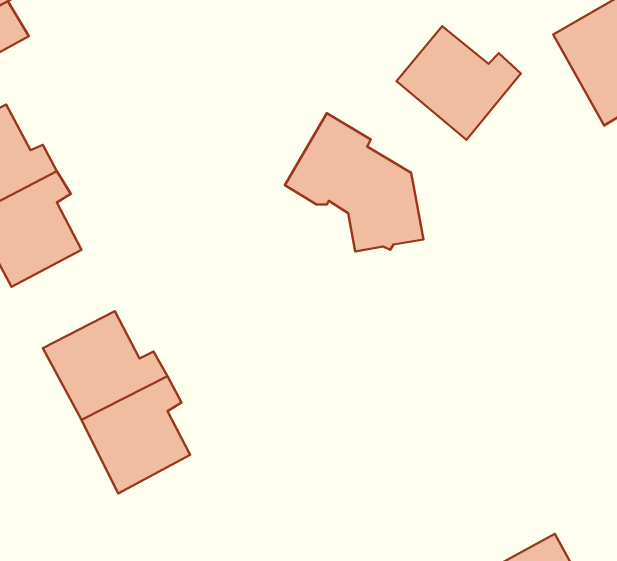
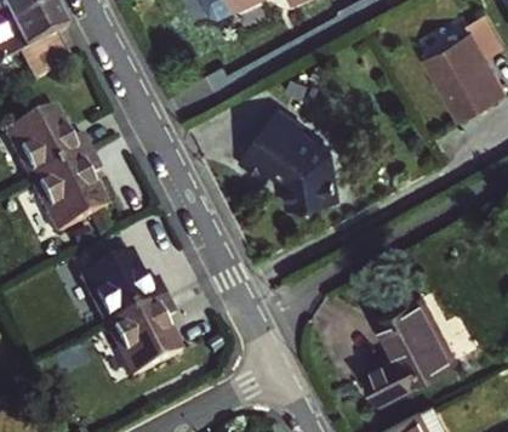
building: [397,26,521,140] -> none
building: none -> [371,286,466,397]

